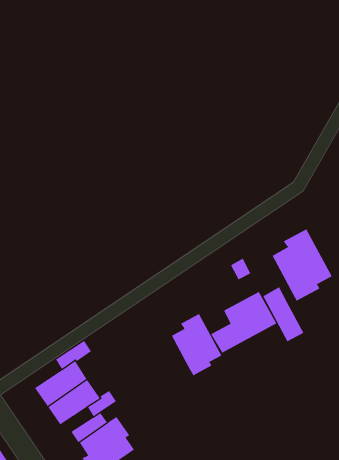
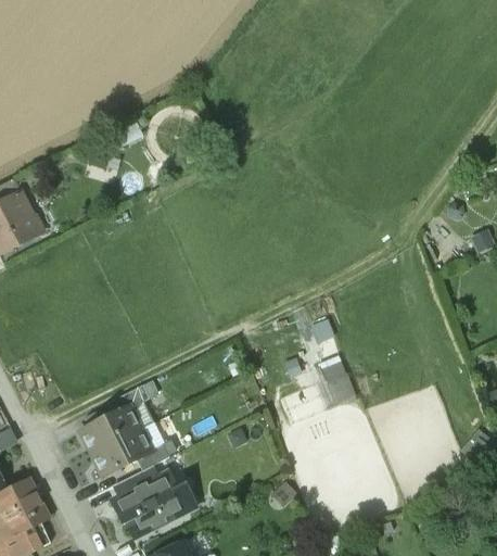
building: [272,229,332,301] -> none
building: [263,286,304,342] -> none
building: [171,313,222,376] -> none

